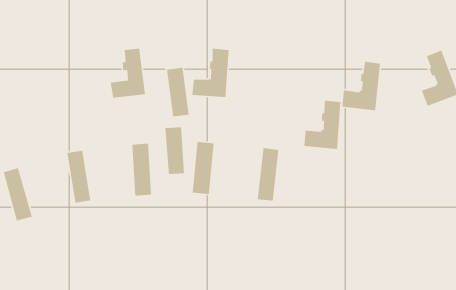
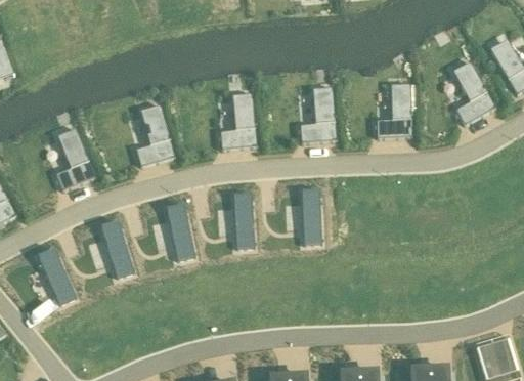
building: none -> [54,131,94,189]
building: [166,67,189,117] -> none
building: [303,100,341,150] -> [299,88,336,140]
building: [165,126,185,175] -> none

